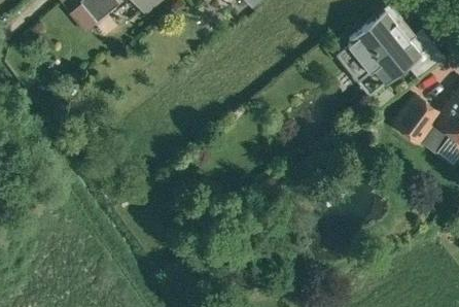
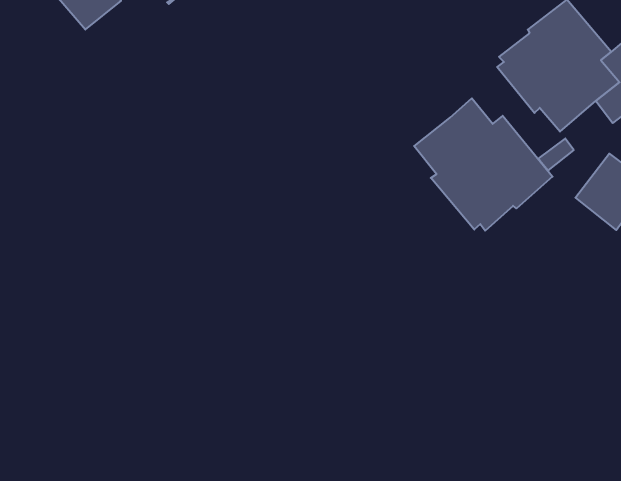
building: none -> [414,98,553,231]

